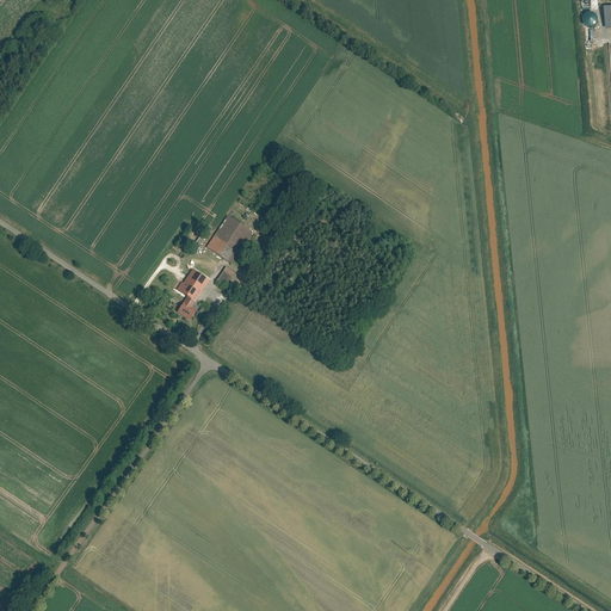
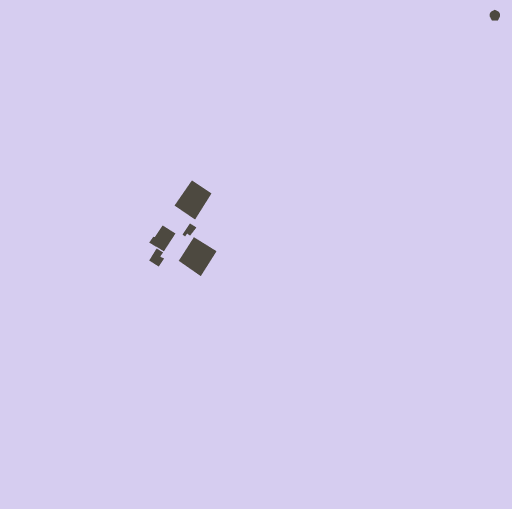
building: none -> [178,236,218,277]

